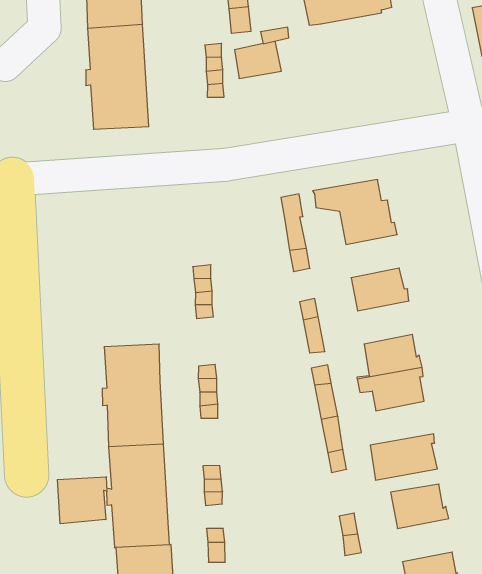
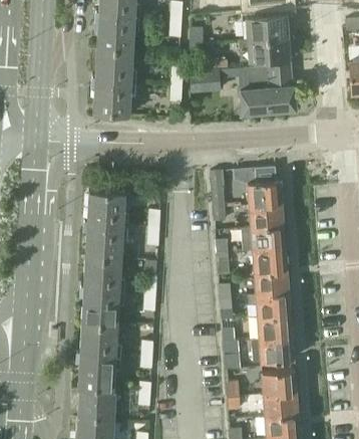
building: none -> [240,64,296,114]
building: none -> [250,204,284,229]
building: none -> [84,191,125,259]
building: none -> [253,248,288,273]
building: none -> [252,314,294,340]
building: [57,477,107,524] -> none
building: none -> [264,393,298,418]

